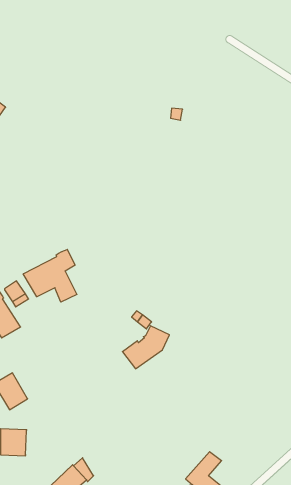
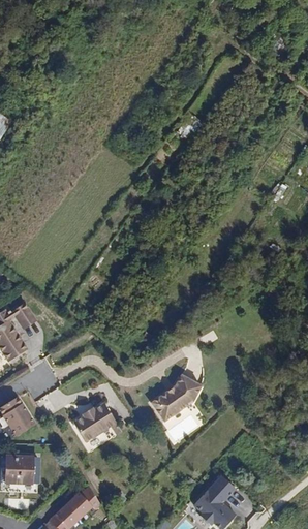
building: [23,249,77,302] -> none
building: [122,326,169,369] -> [151,376,199,421]
building: none -> [71,401,115,440]

